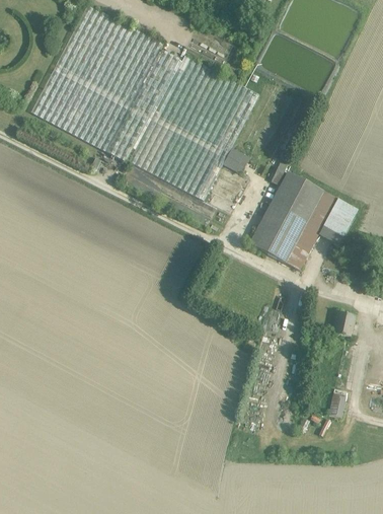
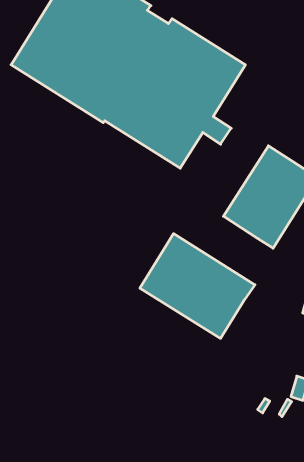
building: none -> [140,234,255,338]

